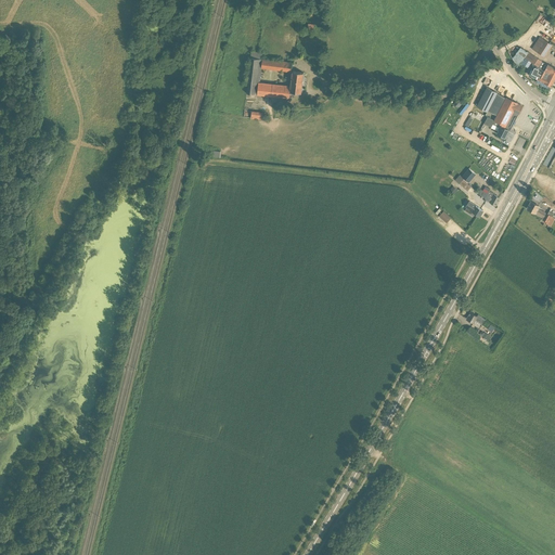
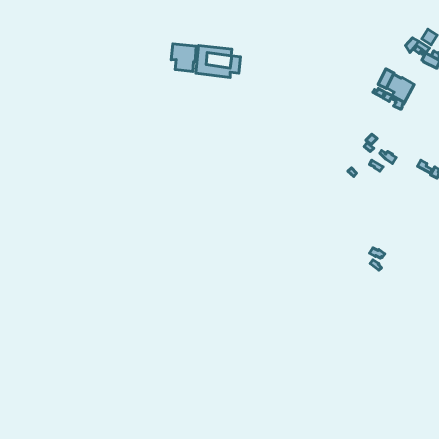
building: none -> [171,44,196,72]

